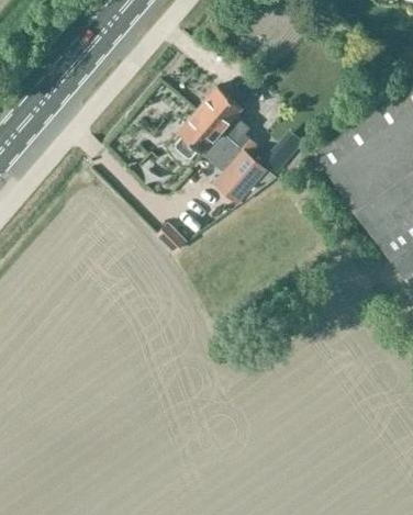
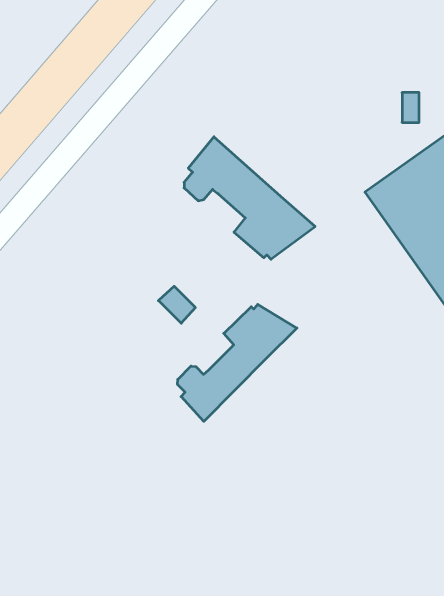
building: [198,86,258,155] -> none
building: none -> [178,304,297,421]

